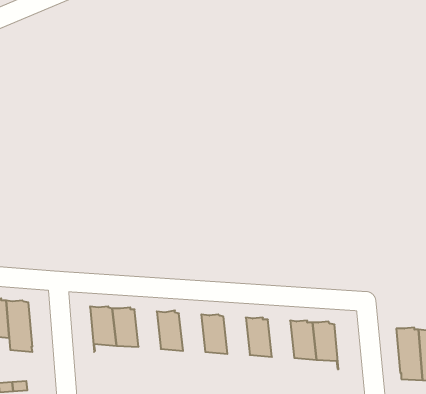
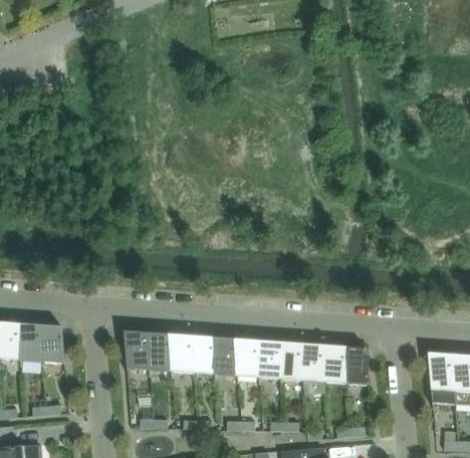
building: none -> [168,333,194,373]
building: none -> [212,336,238,376]
building: none -> [256,339,282,379]
building: none -> [300,342,326,396]

